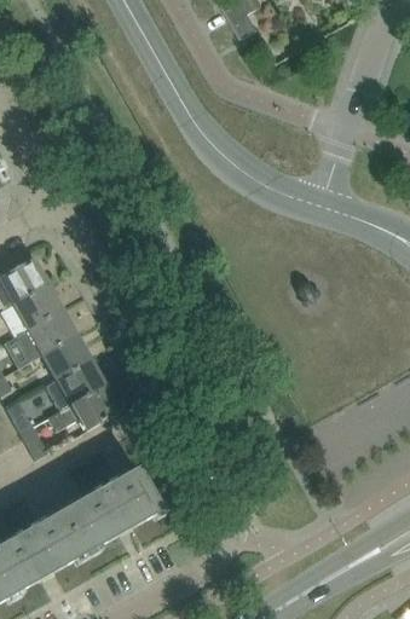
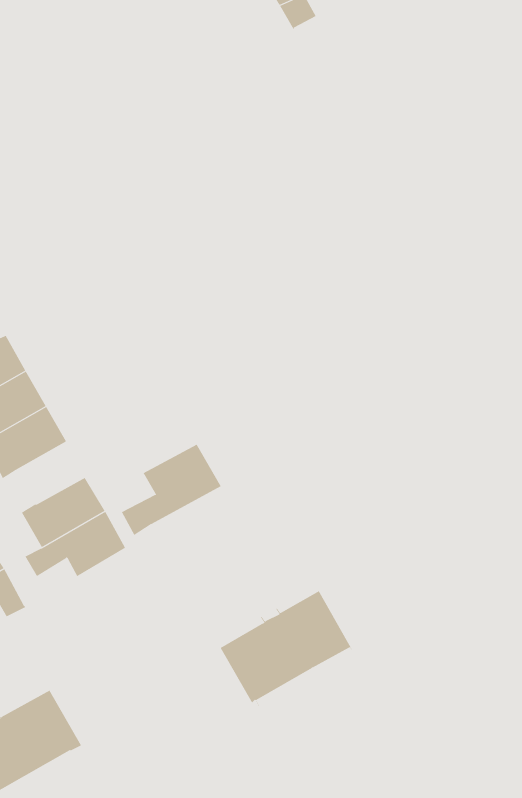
building: [41,334,91,378] -> none
building: none -> [121,444,221,536]
building: [65,470,162,554] -> [220,590,355,707]

